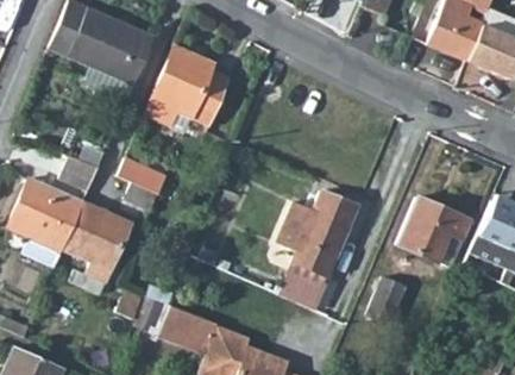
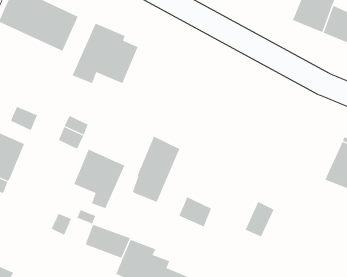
building: [293,189,354,275] -> [132,136,180,202]
building: [397,196,470,267] -> none
building: [64,202,131,280] -> [73,149,125,209]

